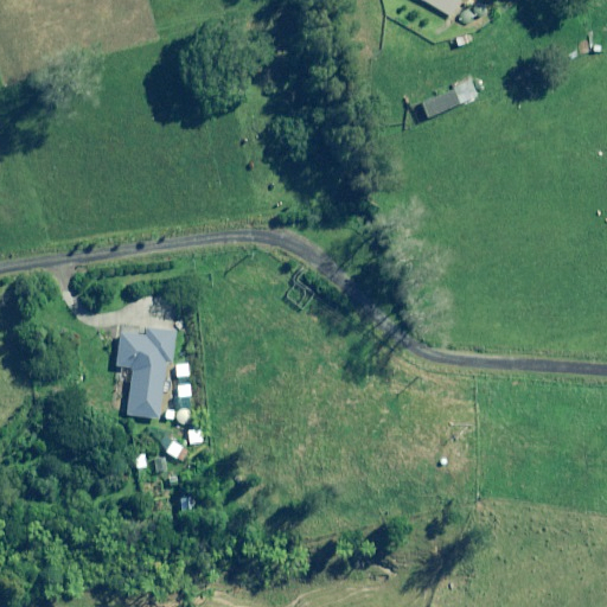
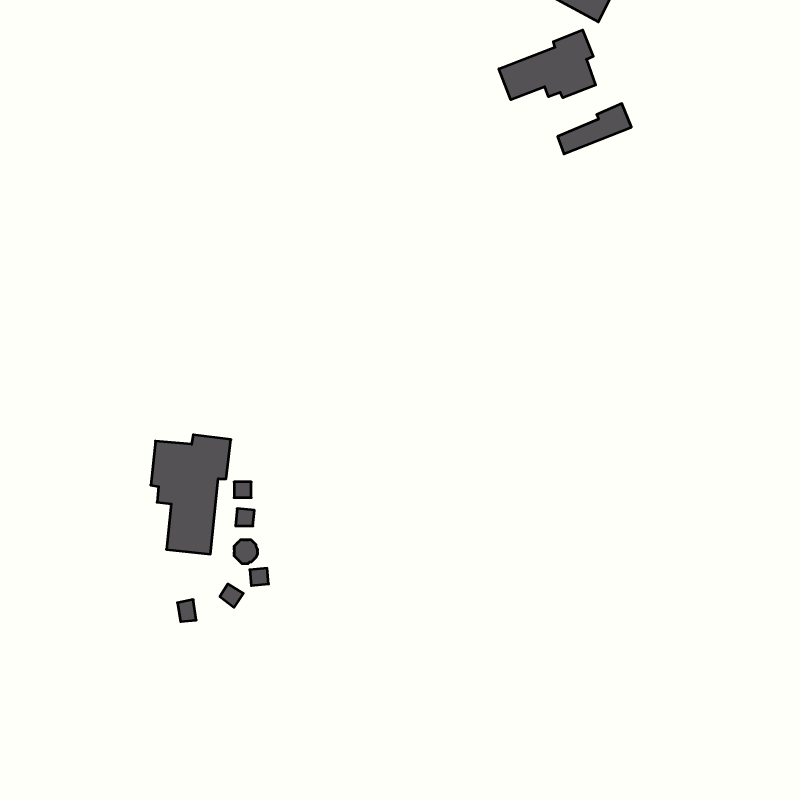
building: none -> [499,30,596,100]

